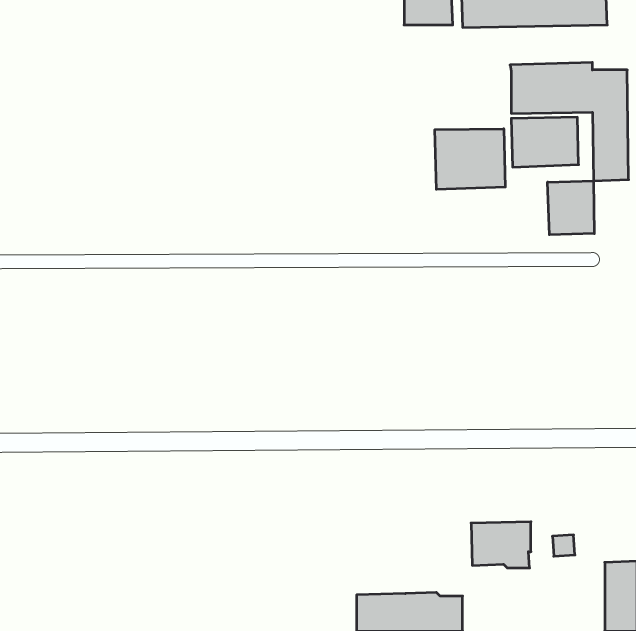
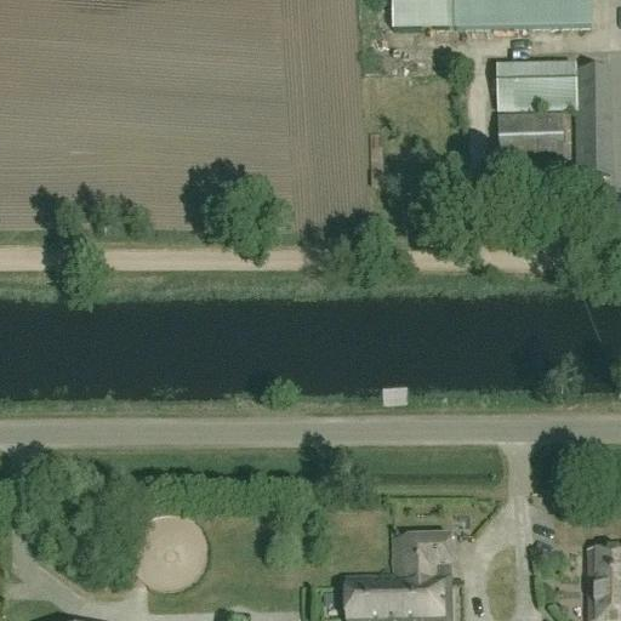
building: [435,129,505,189] -> none
building: [548,181,594,235] -> none
building: [471,522,531,568] -> [394,535,452,580]

